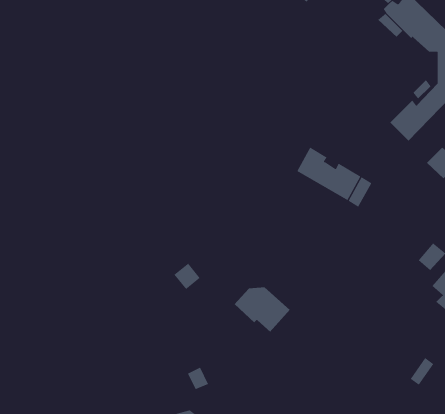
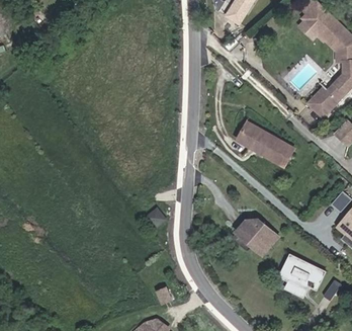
building: [234,287,290,333] -> [235,220,277,254]
building: none -> [278,254,325,296]

